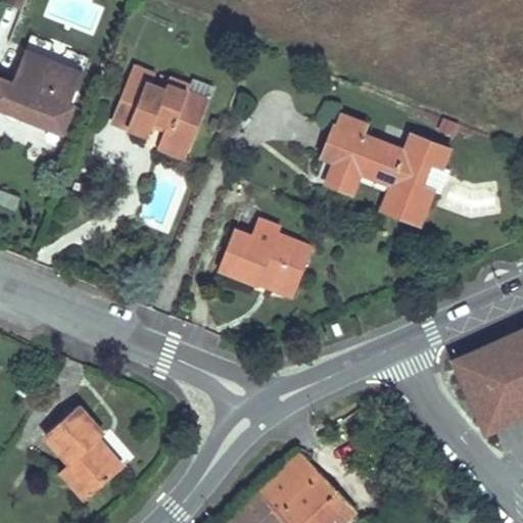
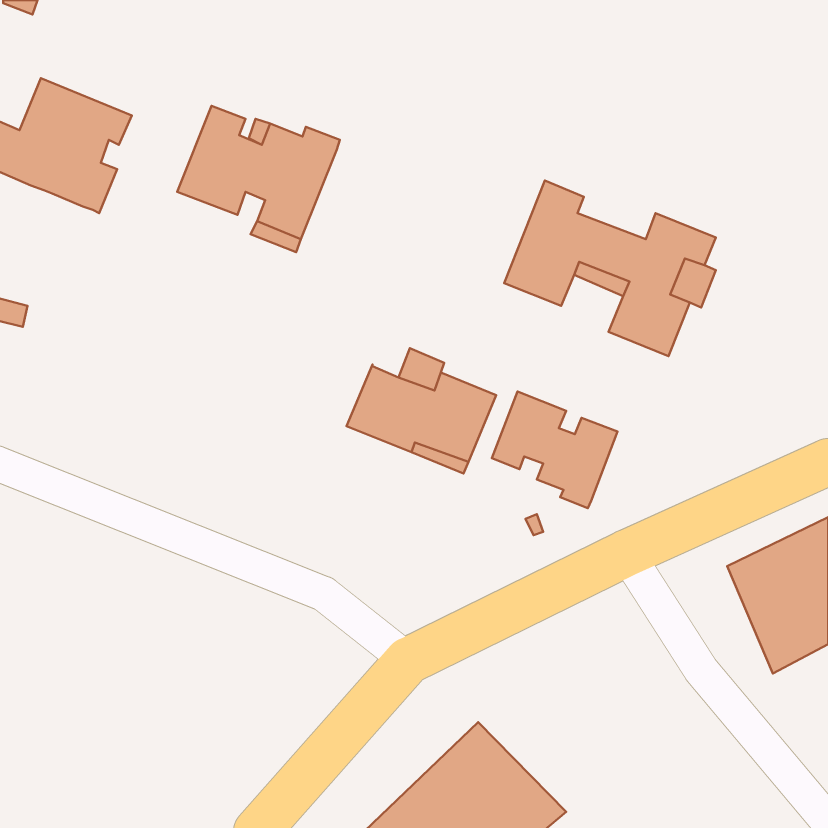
building: none -> [492,391,617,508]
building: [45,408,122,502] -> none

